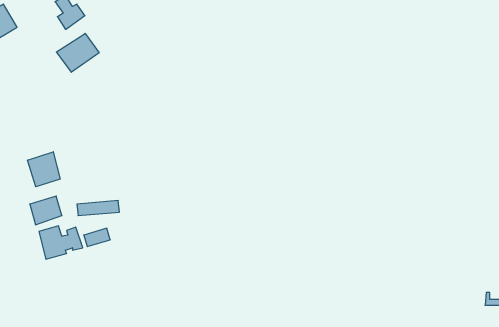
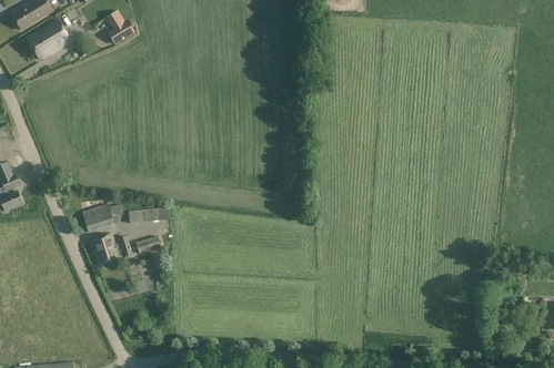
building: [56,33,99,72] -> none
building: [28,152,60,187] -> none

